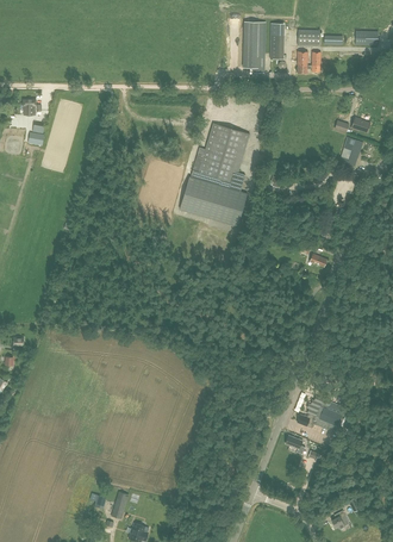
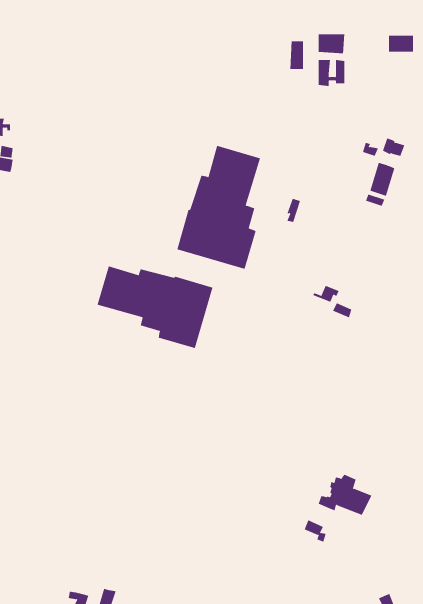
building: [243,21,264,73] -> none
building: none -> [97,265,213,349]

